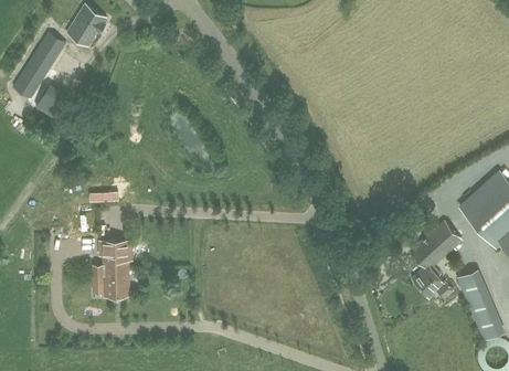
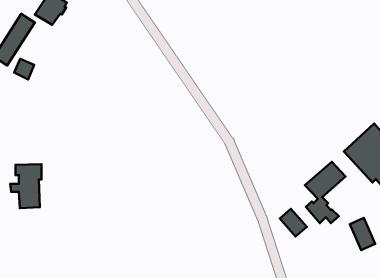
building: [93,241,132,297] -> [10,164,41,208]
building: [458,271,486,300] -> none
building: none -> [280,209,307,237]

